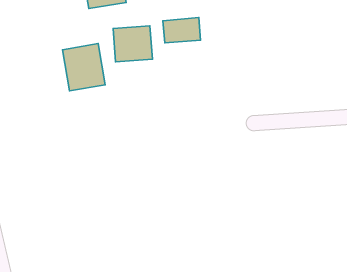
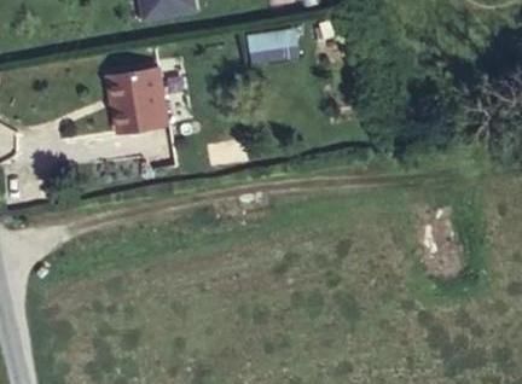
building: [113,26,152,62] -> none

